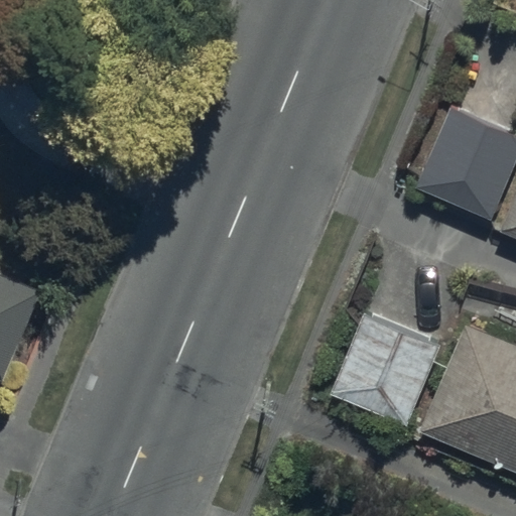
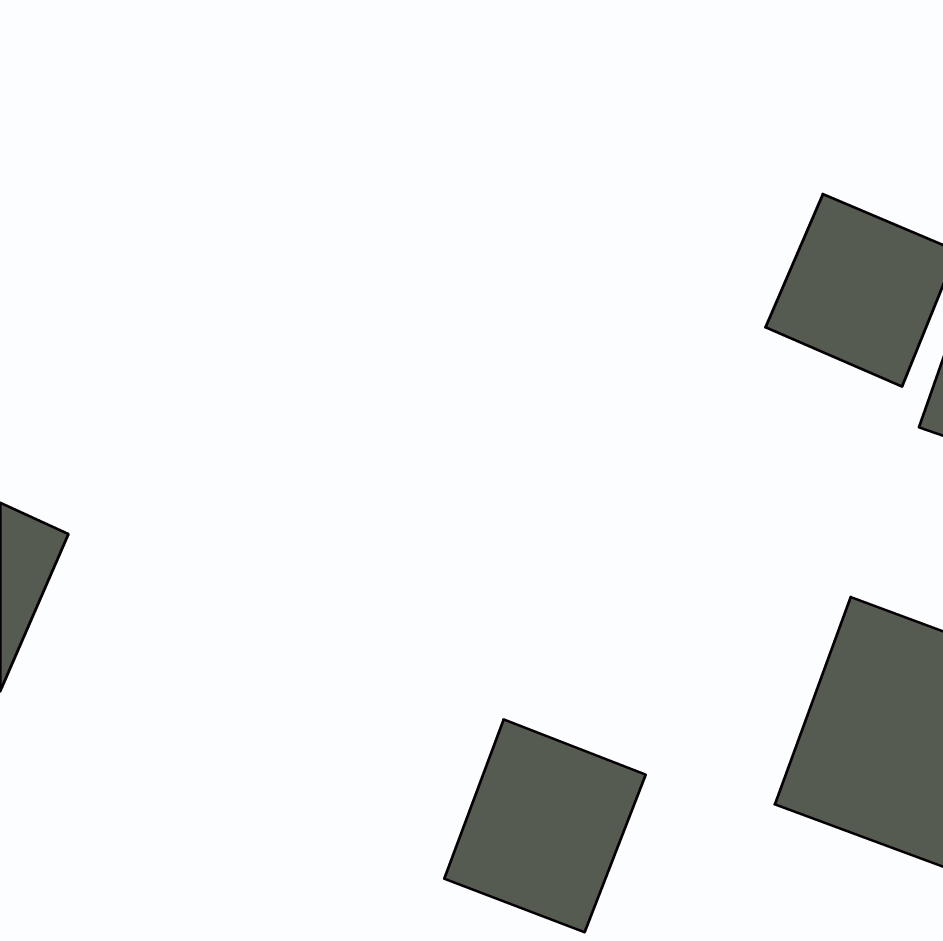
building: [329,310,438,426] -> [444,720,646,932]

